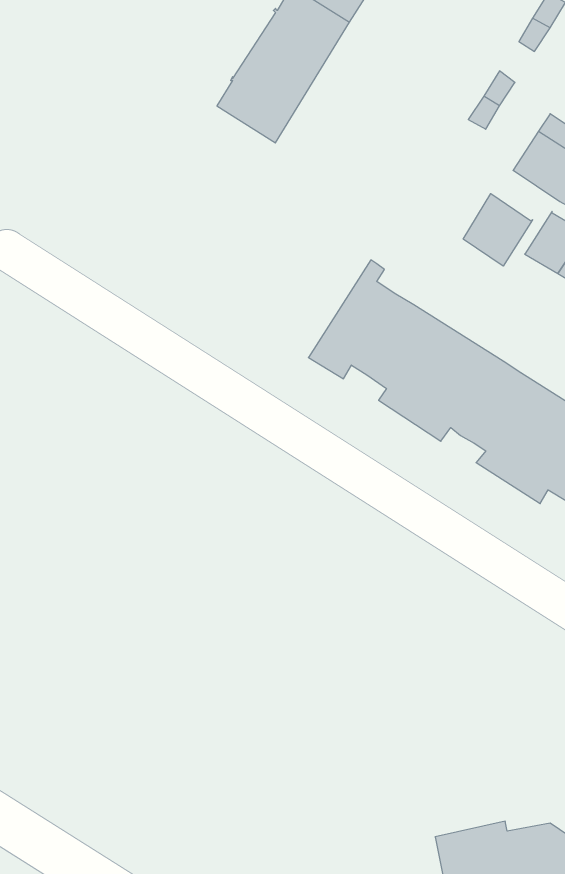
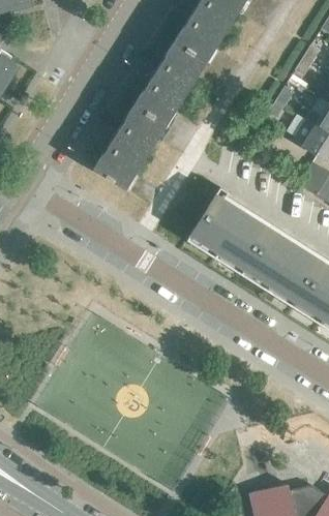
building: none -> [93,104,167,188]
building: [463,194,533,266] -> none

